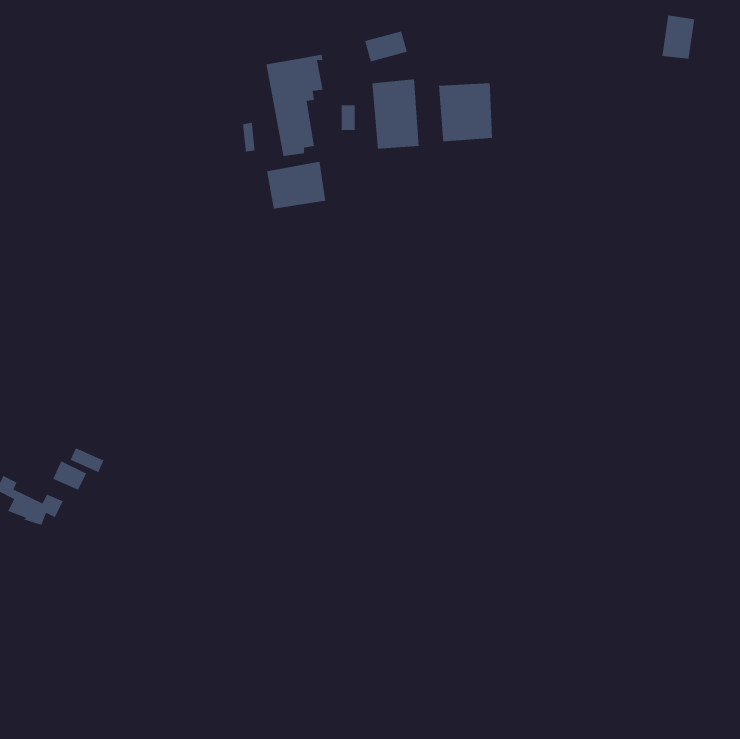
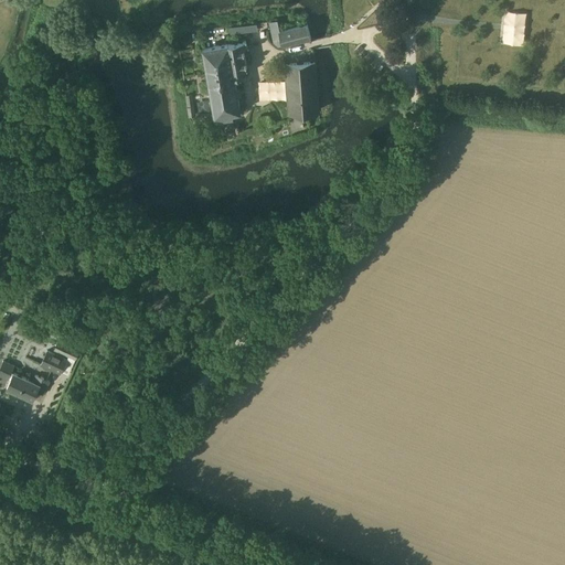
building: [438,83,493,142] -> none
building: [266,161,326,210] -> none

